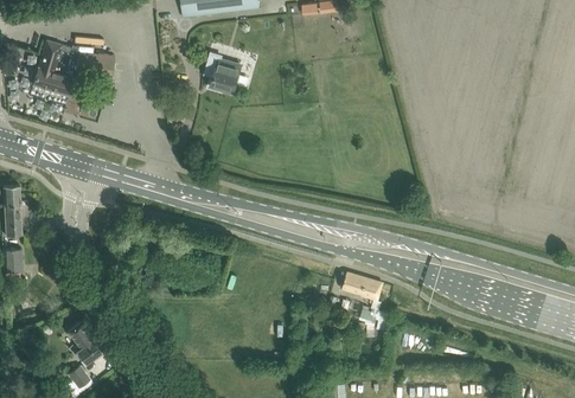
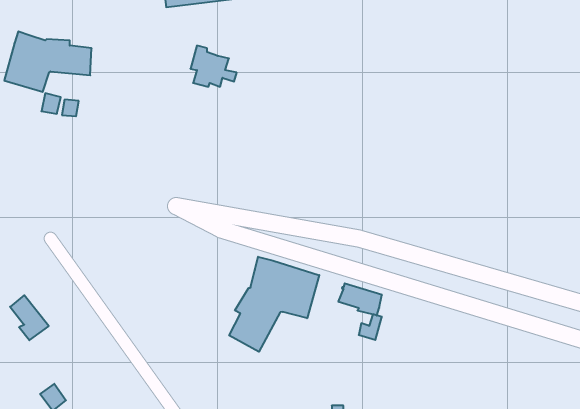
building: none -> [229,257,319,352]
building: [65,322,101,364] -> [10,295,49,340]

